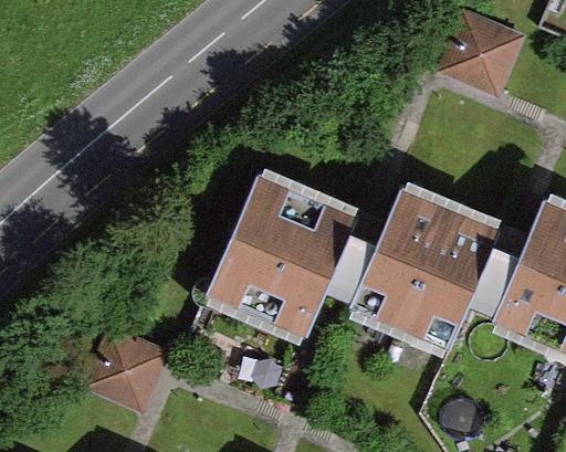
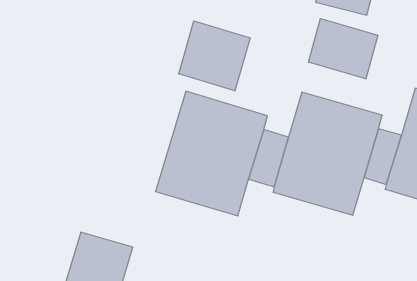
building: none -> [179,21,250,91]
building: none -> [309,19,378,79]

